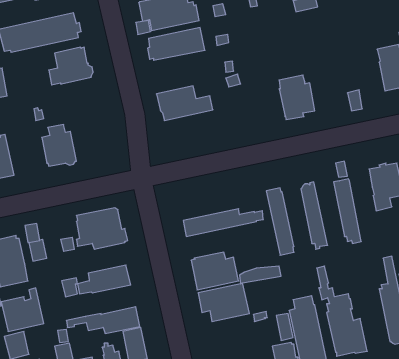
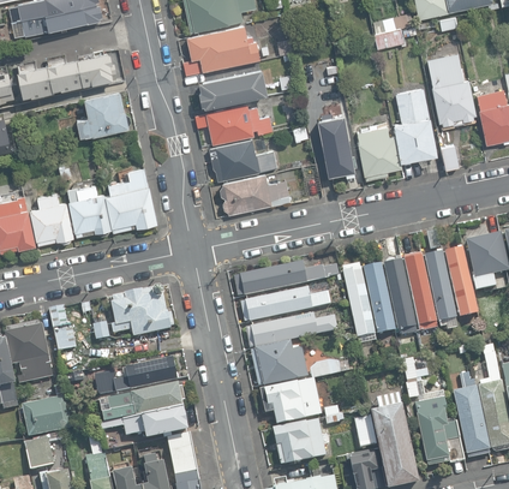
building: none -> [427,54,475,126]
building: none -> [393,89,438,163]
building: none -> [196,105,273,145]
building: none -> [317,115,357,178]
building: none -> [107,169,158,233]
building: none -> [221,173,291,214]
building: none -> [30,195,74,245]
building: none -> [445,248,478,318]
building: none -> [405,254,437,332]
building: none -> [364,261,396,334]
building: none -> [234,263,339,297]
building: none -> [246,314,336,348]
building: none -> [453,374,490,455]
building: none -> [102,383,182,423]
building: none -> [273,419,327,465]

